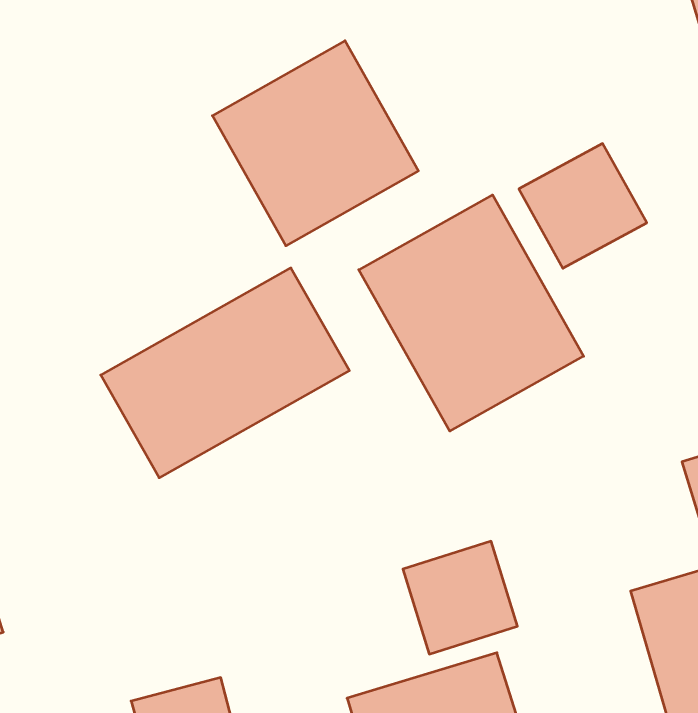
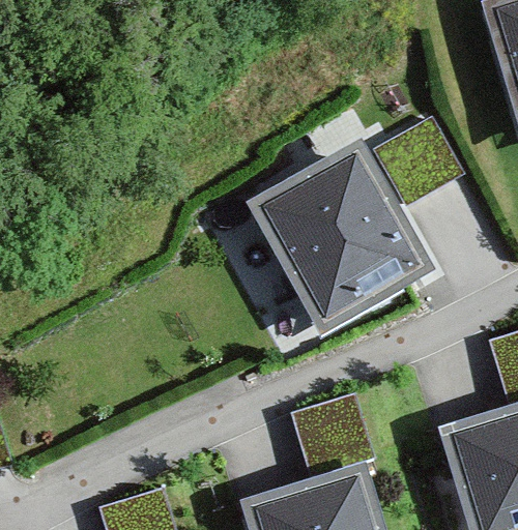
building: [212,41,418,246] -> none
building: [101,268,349,478] -> none

